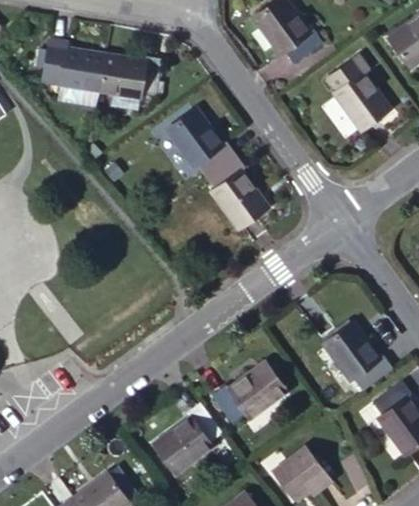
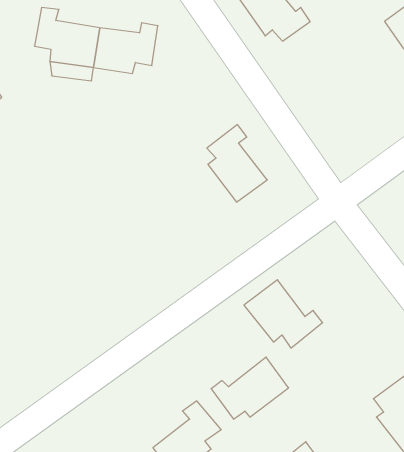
building: [322,53,381,133] -> none
building: [170,106,240,162] -> none
building: [315,330,392,397] -> [244,280,323,348]

